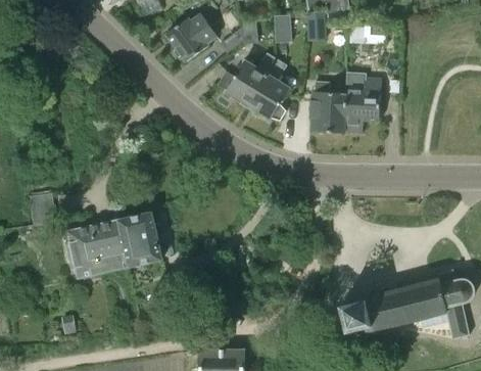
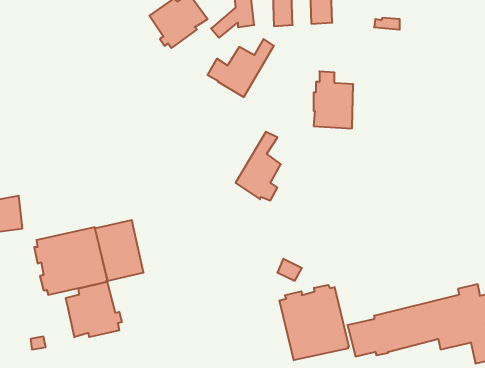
building: [248,59,288,120] -> [236,132,281,200]
building: [343,77,381,132] -> none
building: none -> [66,282,122,337]
building: none -> [280,285,349,360]

